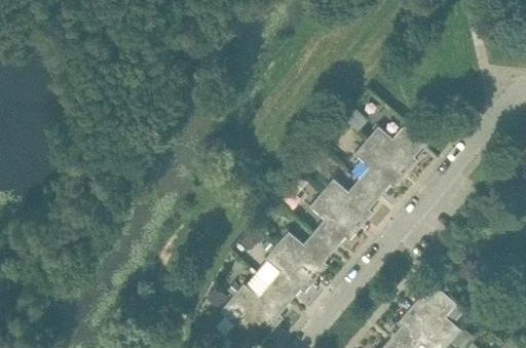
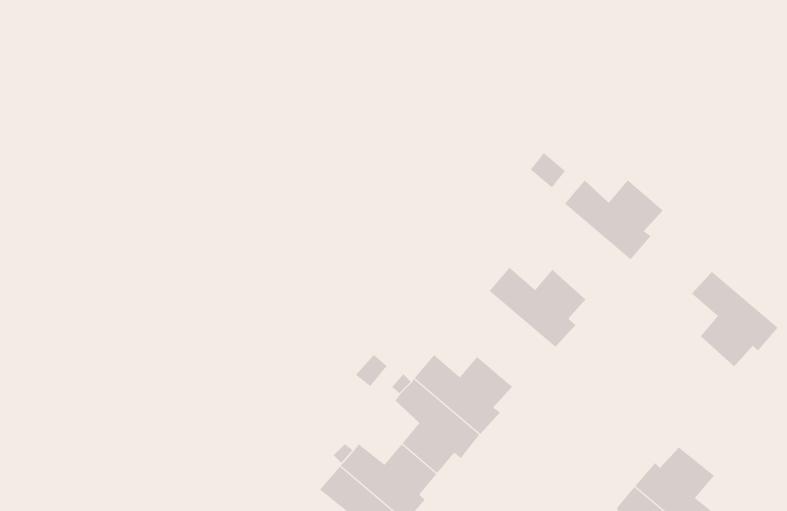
building: [353,140,406,197] -> [691,271,779,367]
building: [308,192,361,249] -> none

